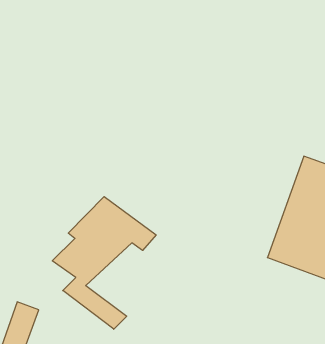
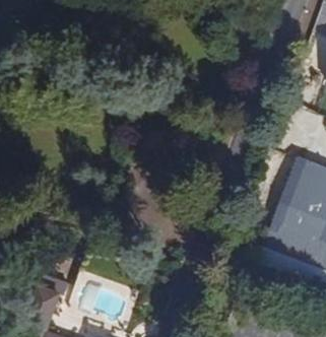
building: [52,197,156,329] -> none

